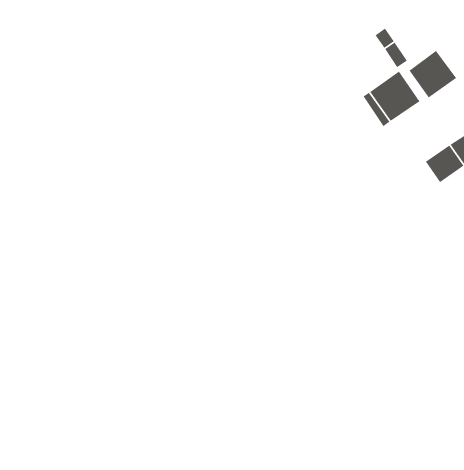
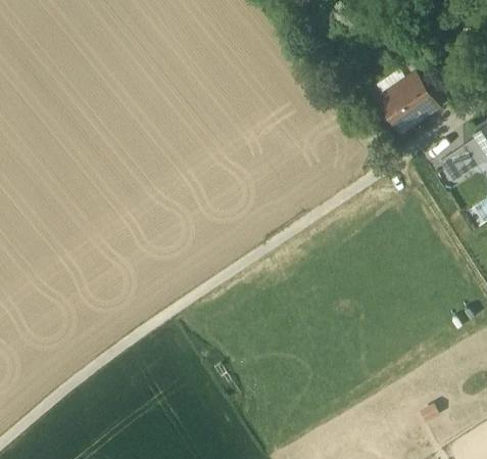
building: [409,50,457,98] -> none

